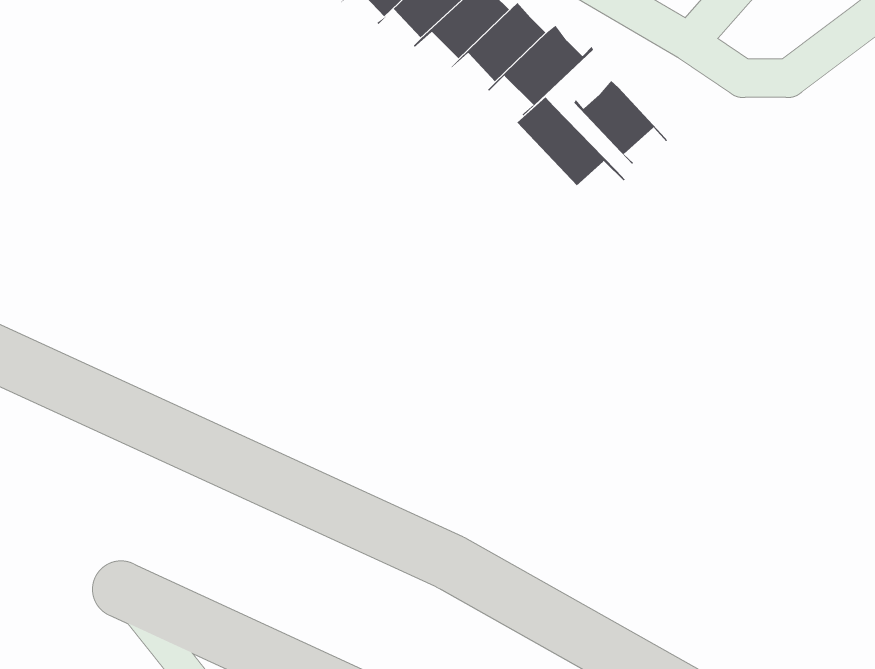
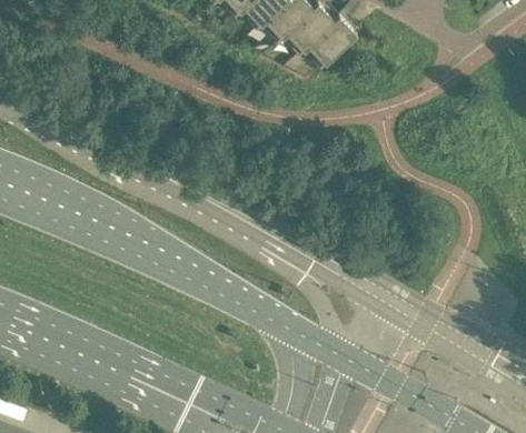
building: [574,80,668,165] -> none
building: [517,96,626,186] -> none

